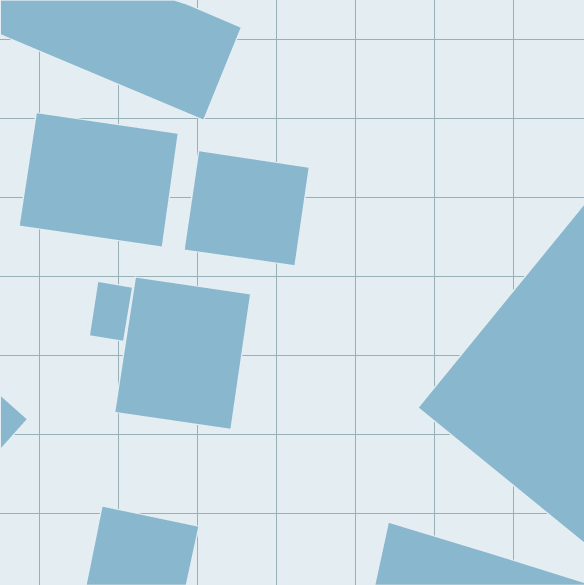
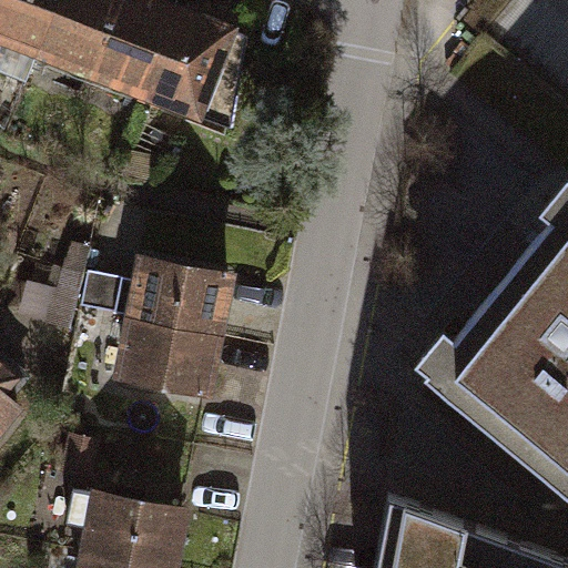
building: [19,112,178,247] -> none
building: [184,150,309,266] -> none

